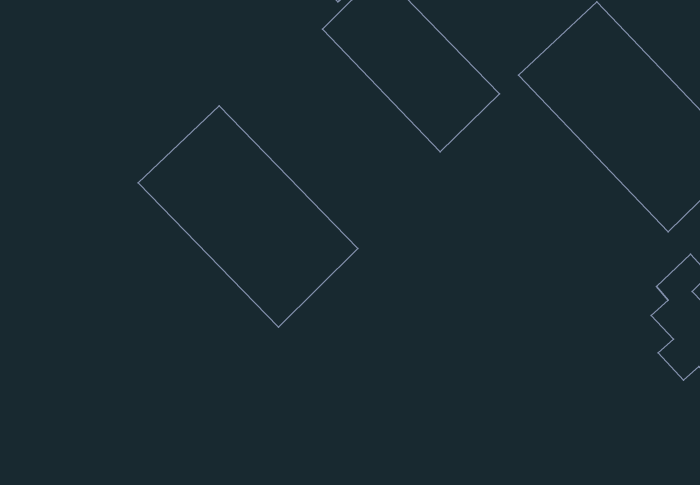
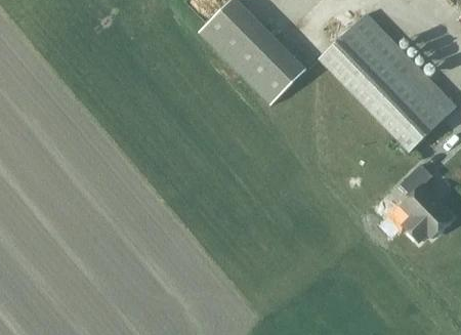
building: [138,106,358,327] -> none

